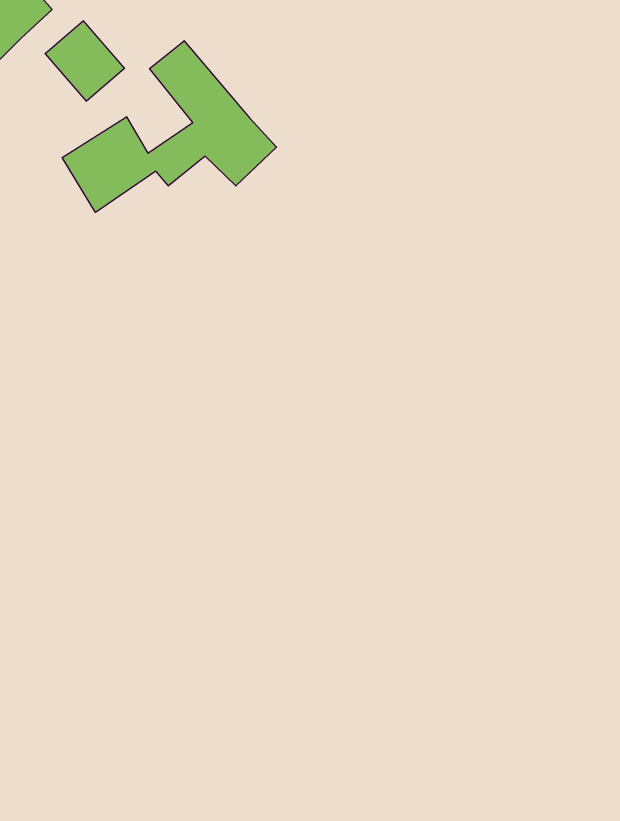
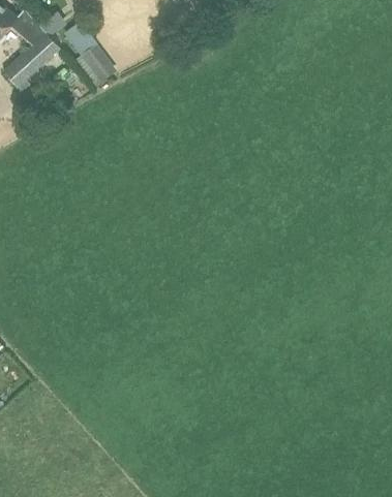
building: [62,41,277,212] -> none

